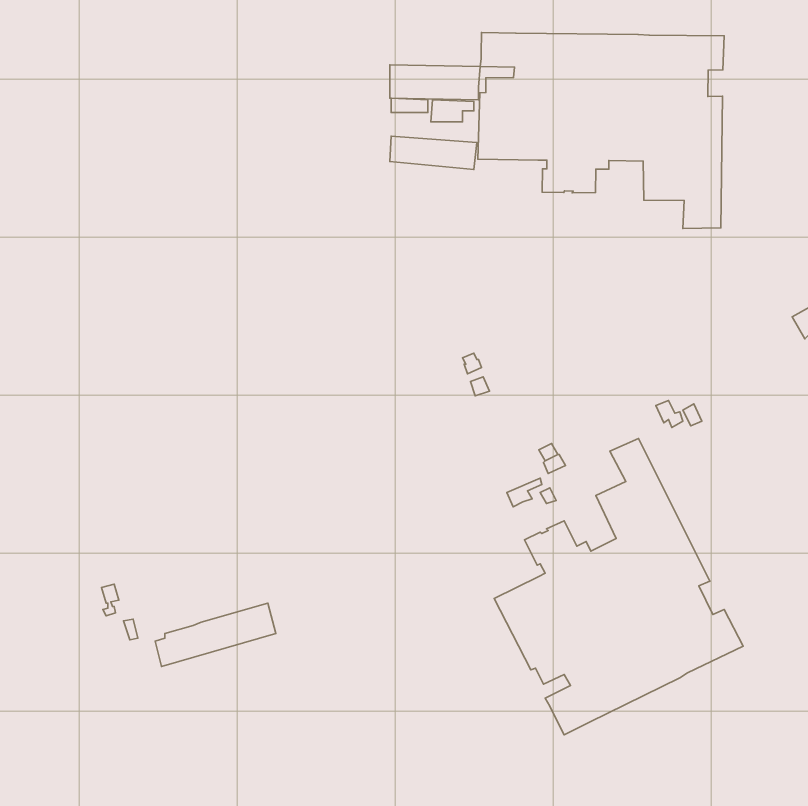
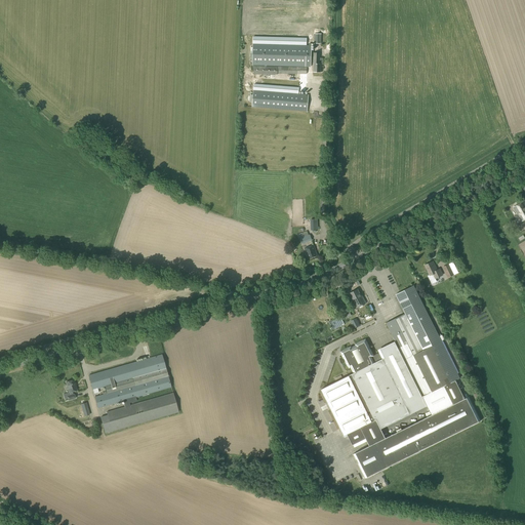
building: [478,33,724,228] -> none
building: none -> [89,353,172,406]

